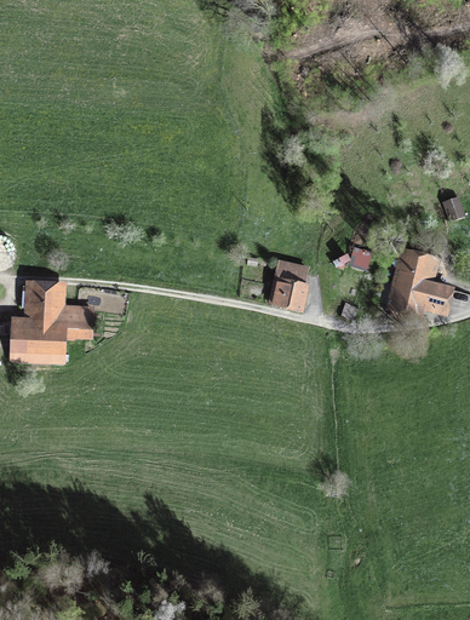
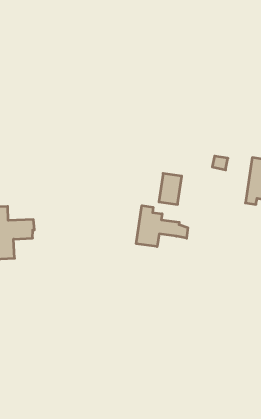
building: none -> [136,206,188,247]

